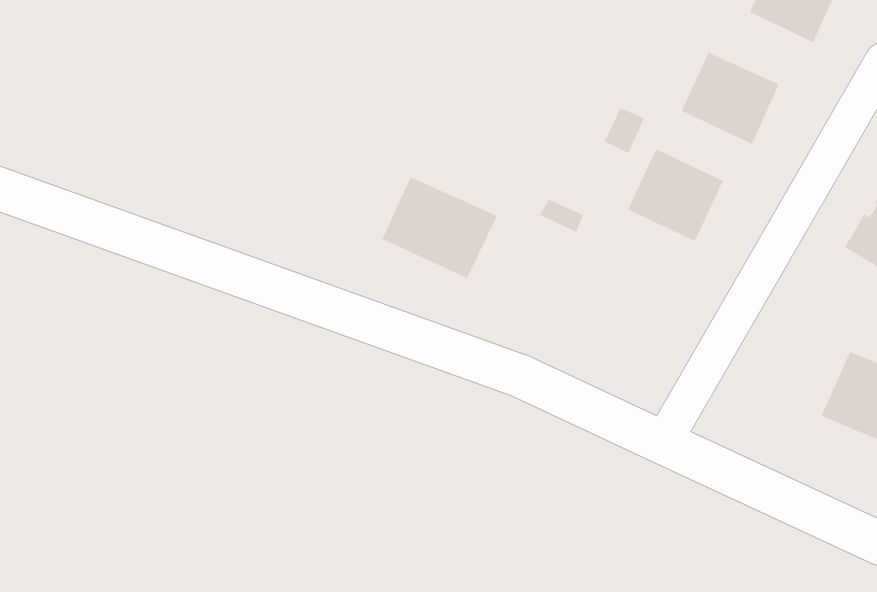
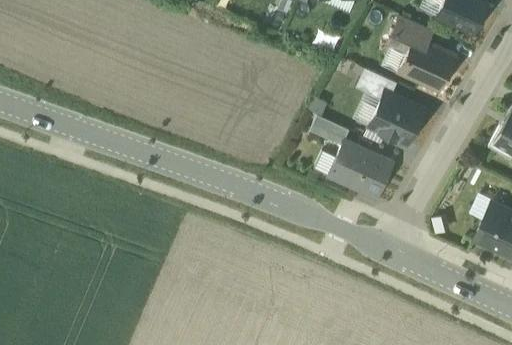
building: none -> [392,16,433,44]
building: [381,176,498,279] -> [328,142,393,199]

